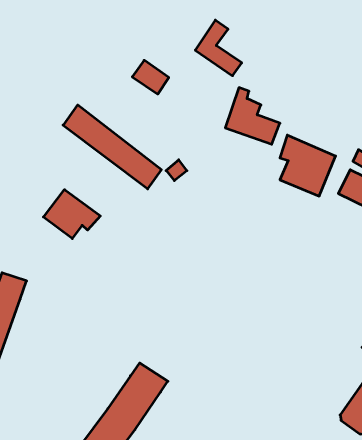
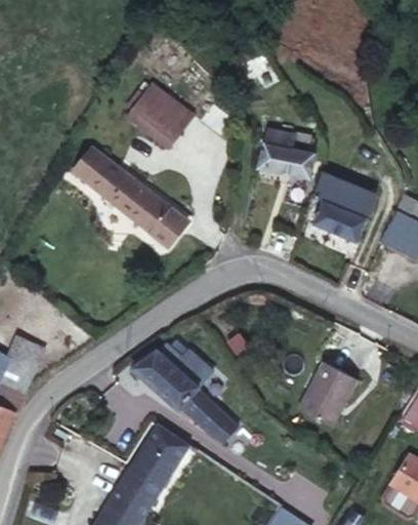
building: [195,20,242,76] -> [126,83,178,146]
building: [43,190,100,239] -> none
building: none -> [140,342,237,433]
building: none -> [302,363,358,428]

